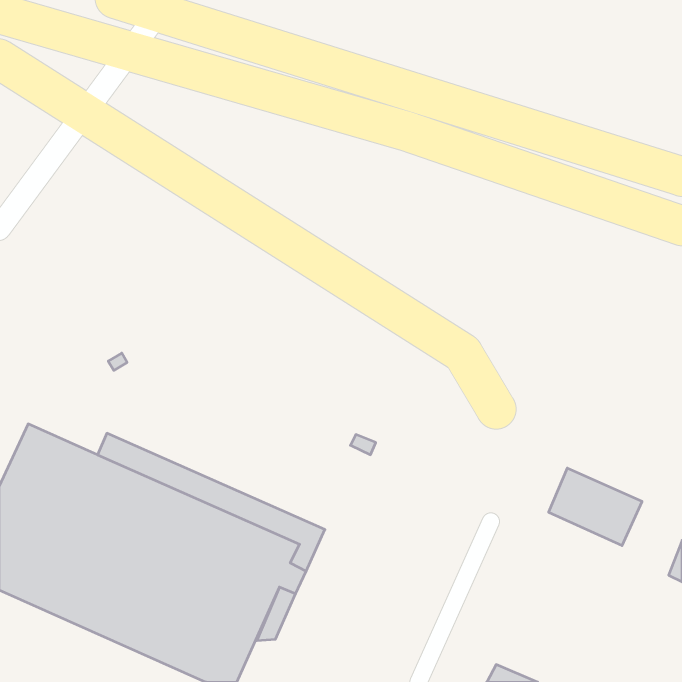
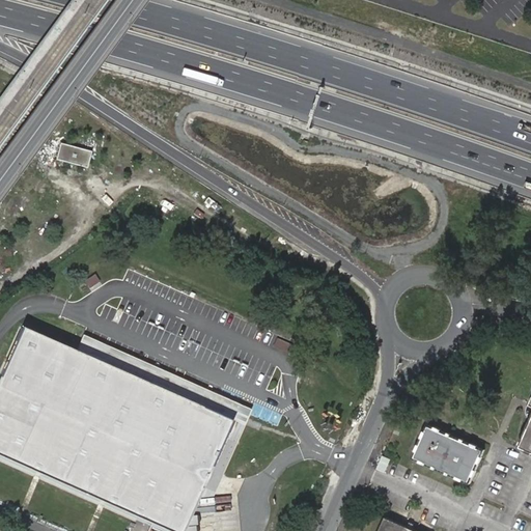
building: none -> [55,142,91,166]
building: [549,468,642,546] -> [412,422,484,482]

